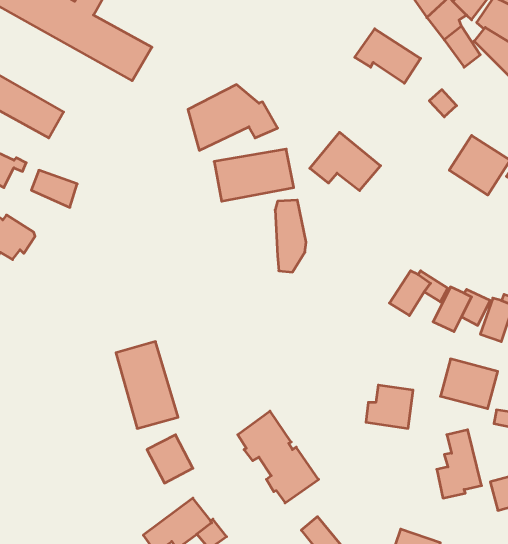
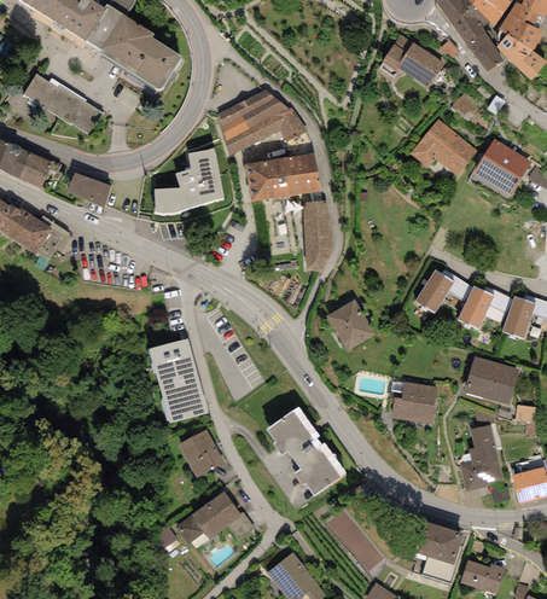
building: [310,132,381,191] -> [409,118,478,175]
building: none -> [155,147,223,214]
building: none -> [325,298,376,351]

